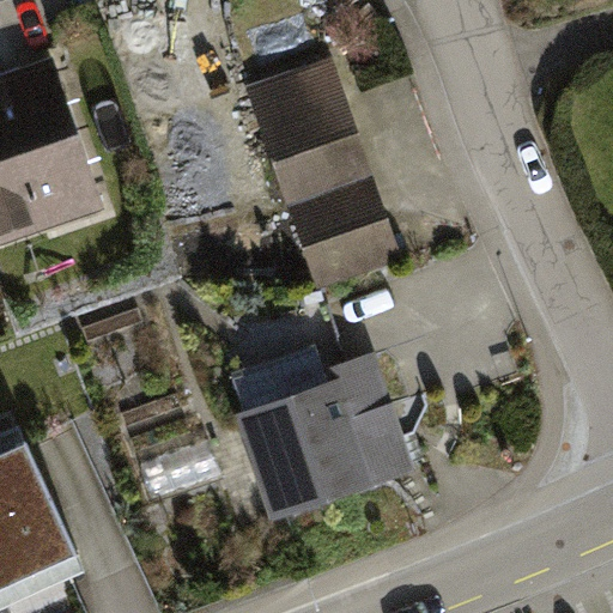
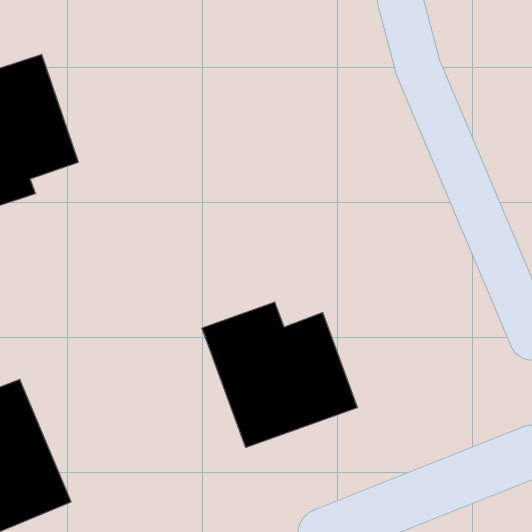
building: [249,62,368,198] -> none
building: [291,182,399,289] -> none

